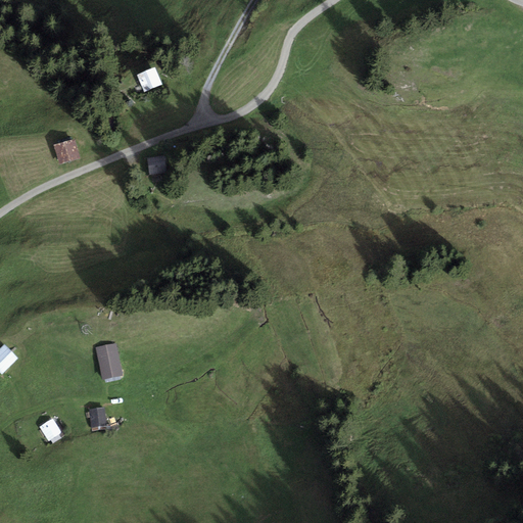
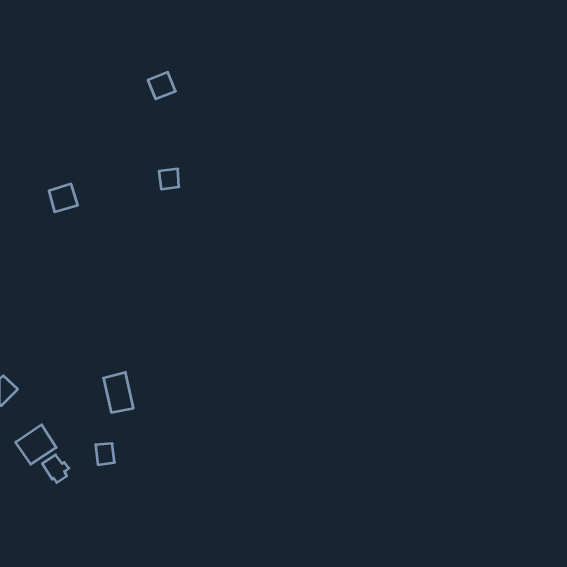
building: [53,138,80,163] -> [49,184,78,212]
building: none -> [16,425,56,464]

